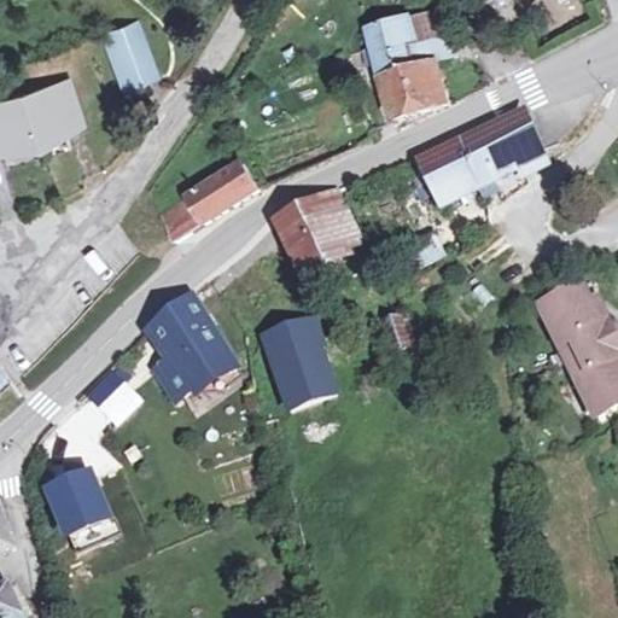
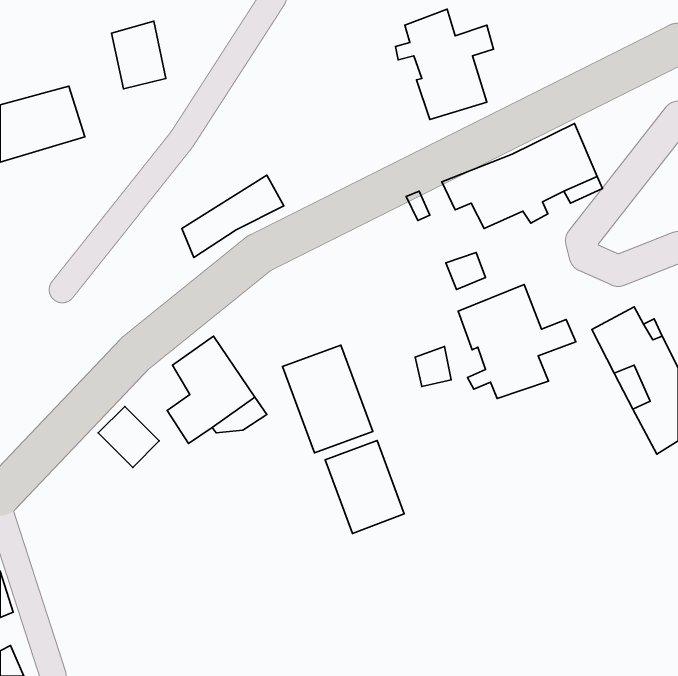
building: [268,188,358,272] -> none
building: none -> [458,285,576,399]
building: none -> [325,440,404,533]
building: [41,462,110,535] -> none

